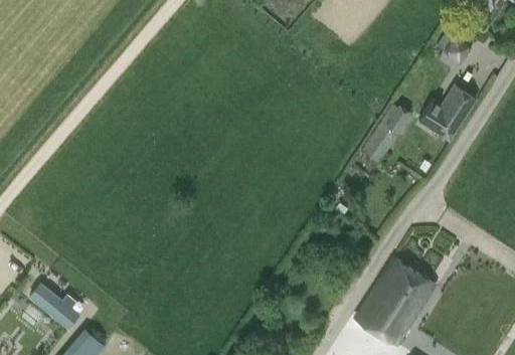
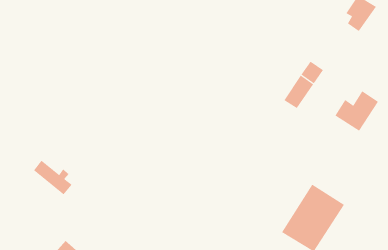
building: [418,88,474,140] -> [334,90,379,131]
building: [29,283,78,327] -> [33,160,73,195]

